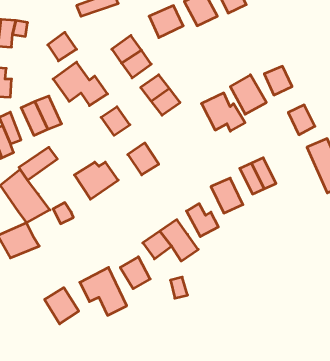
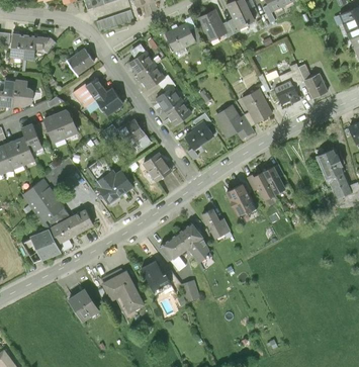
building: [288,105,315,135] -> [304,72,330,100]
building: none -> [184,118,215,151]
building: none -> [48,214,80,242]

